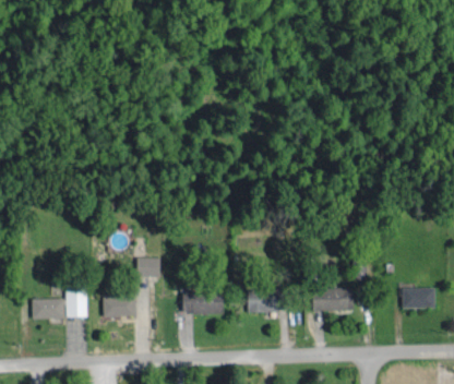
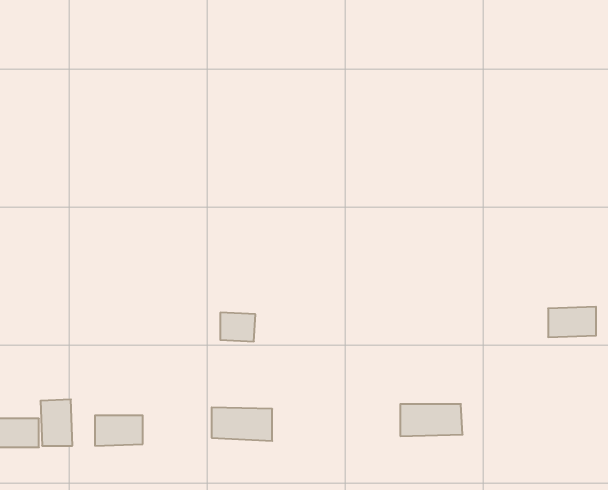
building: [138,257,162,277] -> [220,313,255,341]
building: [402,288,434,309] -> [548,307,596,337]
building: [247,290,285,312] -> none

